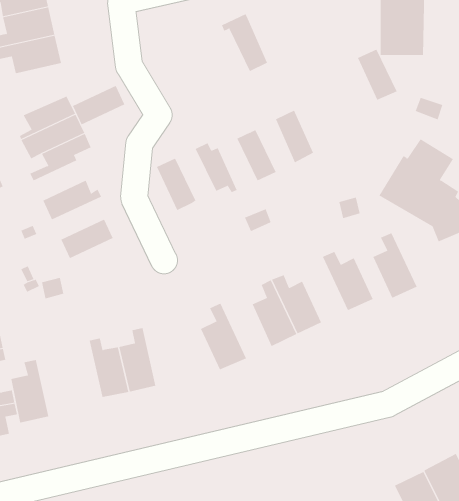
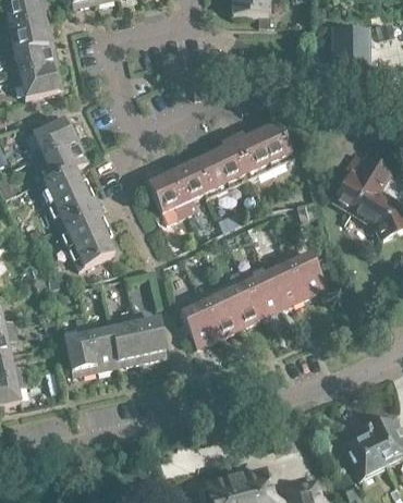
building: [221,14,268,72] -> [221,132,260,181]
building: [357,49,397,101] -> [260,121,294,164]
building: [72,85,125,125] -> [40,171,85,205]
building: none -> [196,152,229,196]
building: none -> [160,161,198,217]
building: none -> [56,201,105,237]
building: [372,232,418,298] -> [267,252,305,307]
building: none -> [71,236,115,270]
building: none -> [198,286,241,338]
building: none -> [133,309,167,360]
building: [10,360,49,423] -> [65,322,98,376]

